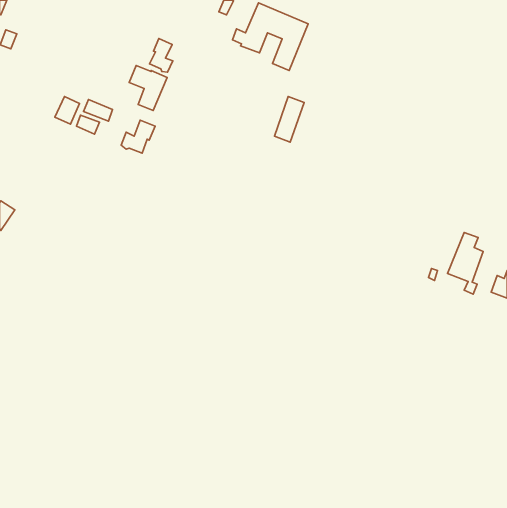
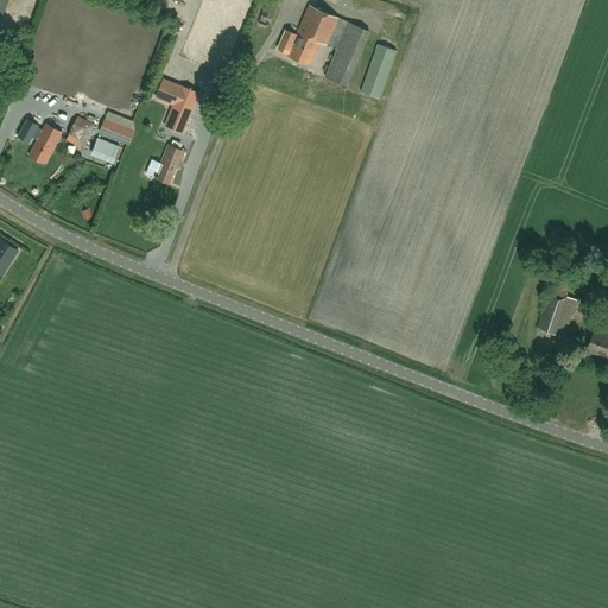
building: [149,38,173,72] -> none
building: [274,96,304,142] -> [361,43,397,97]
building: none -> [30,124,62,164]

